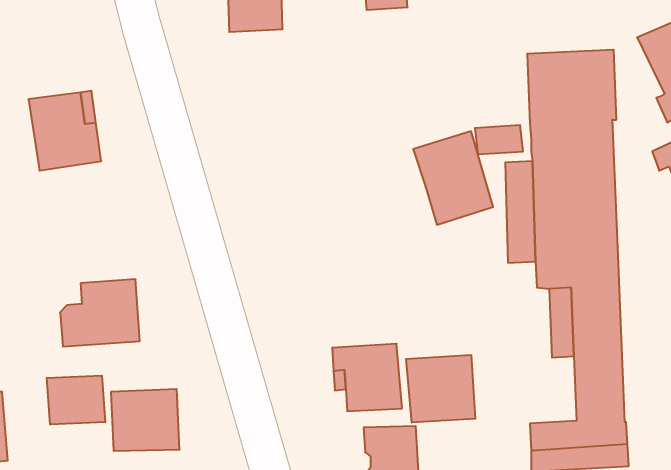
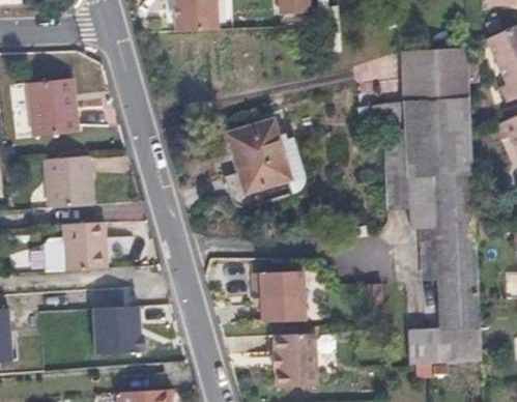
building: [413,131,493,225] -> [229,122,289,193]
building: none -> [47,155,95,207]
building: [406,355,475,423] -> none
building: [47,376,105,425] -> none

